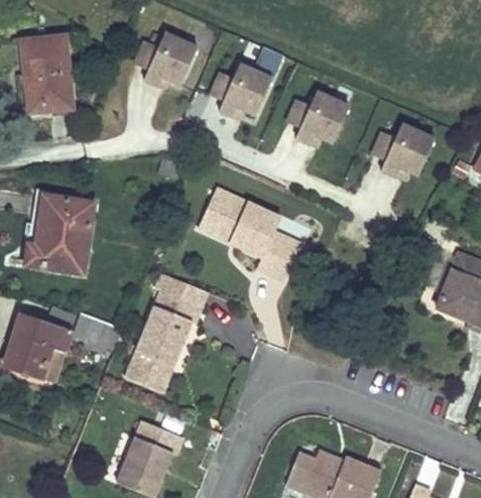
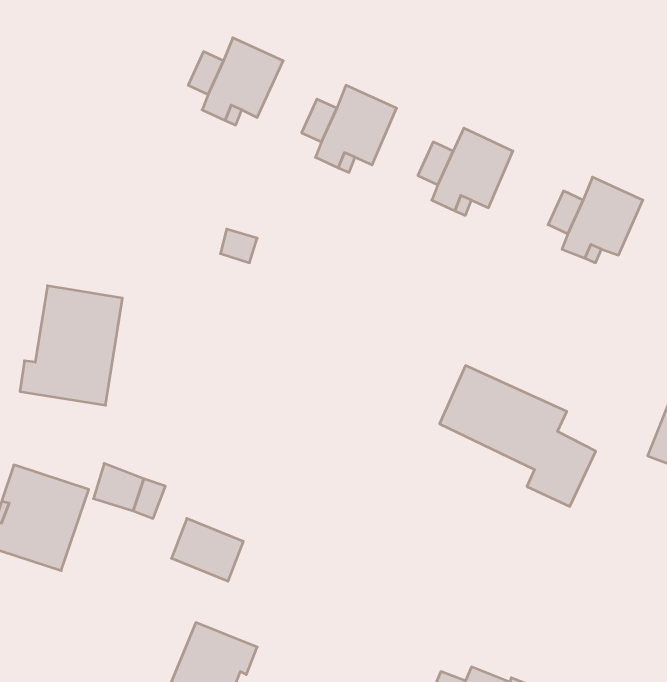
building: [21,36,71,112] -> none
building: [198,189,300,281] -> [440,366,596,506]
building: [134,288,201,364] -> none

